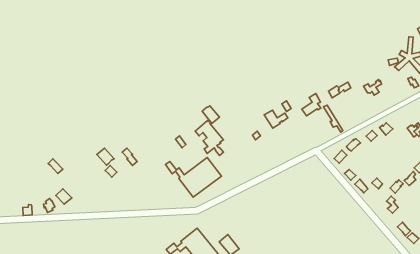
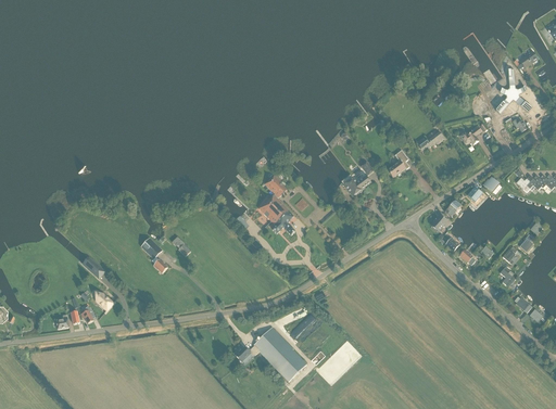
building: [165,157,222,197] -> none

